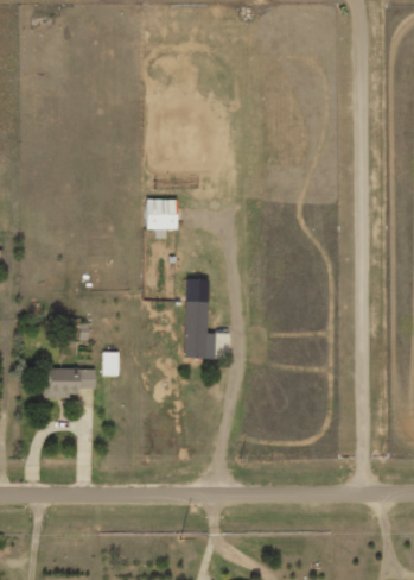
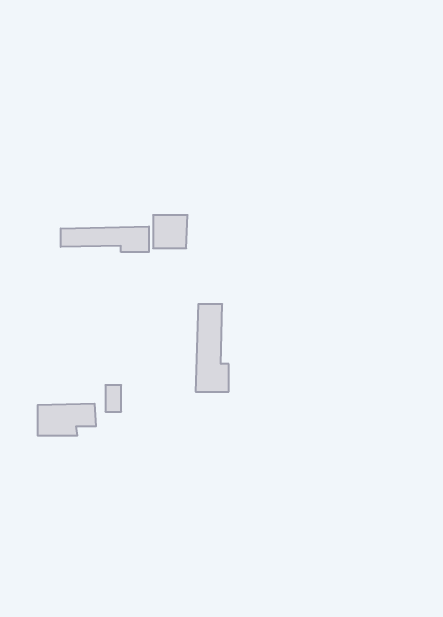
building: none -> [61,226,149,252]

